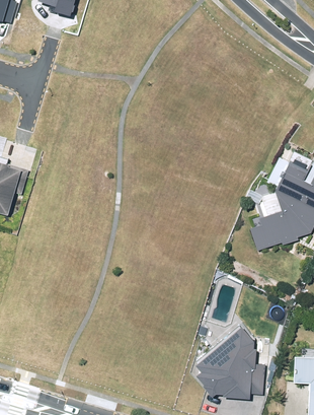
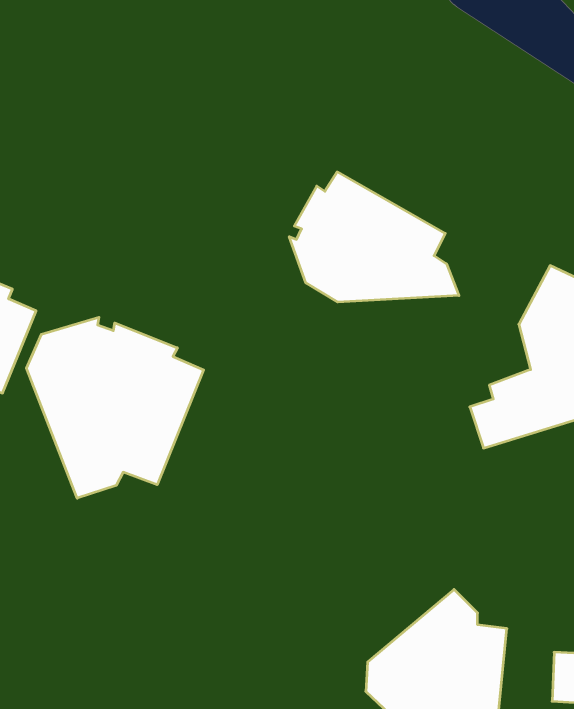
building: none -> [289,172,459,302]
building: none -> [26,317,204,498]

